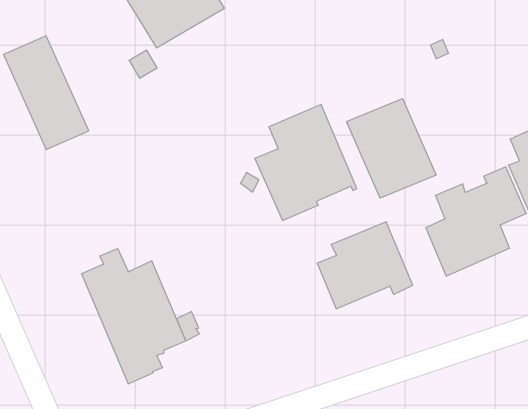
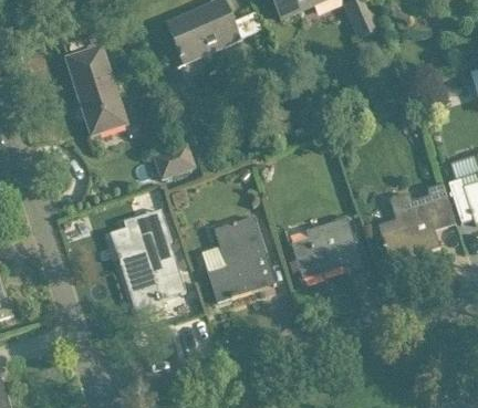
building: [347,99,436,198] -> none
building: [255,104,357,220] -> [199,217,276,303]
building: none -> [152,145,195,180]

